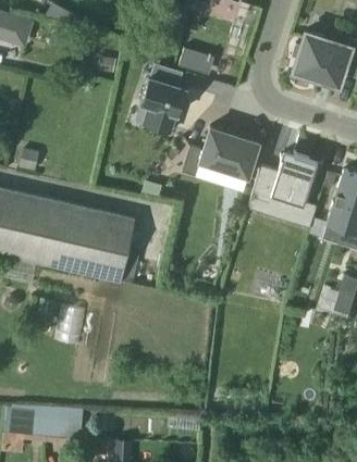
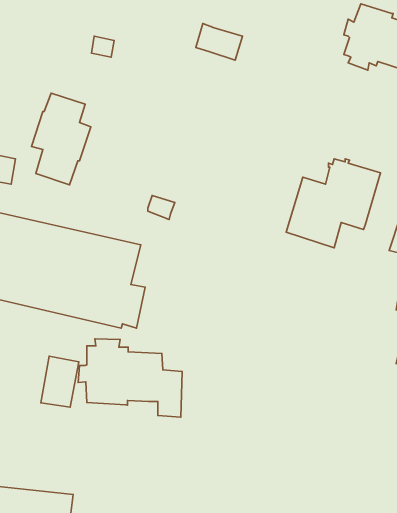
building: [140,63,186,134] -> [31,93,91,185]
building: [182,127,259,177] -> none
building: none -> [78,339,182,417]

